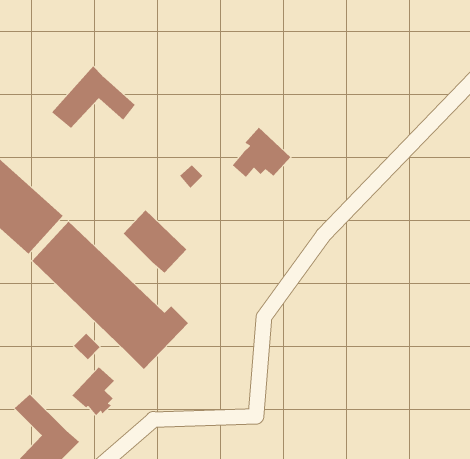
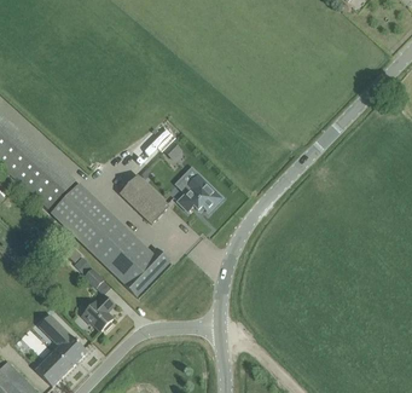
building: [51,66,136,129] -> none
building: [232,127,291,178] -> [176,178,221,216]

